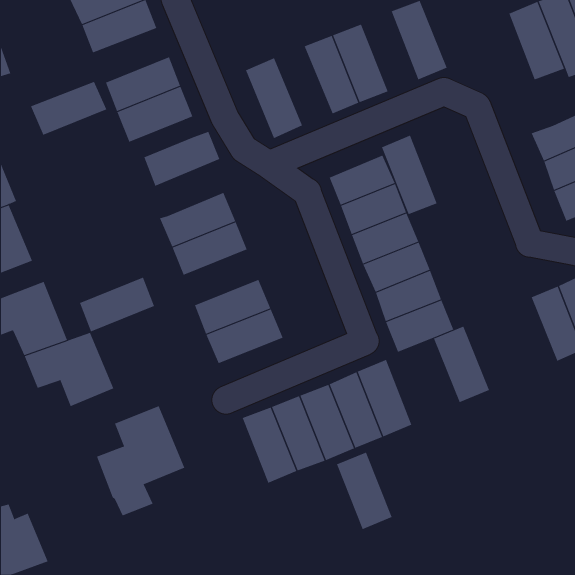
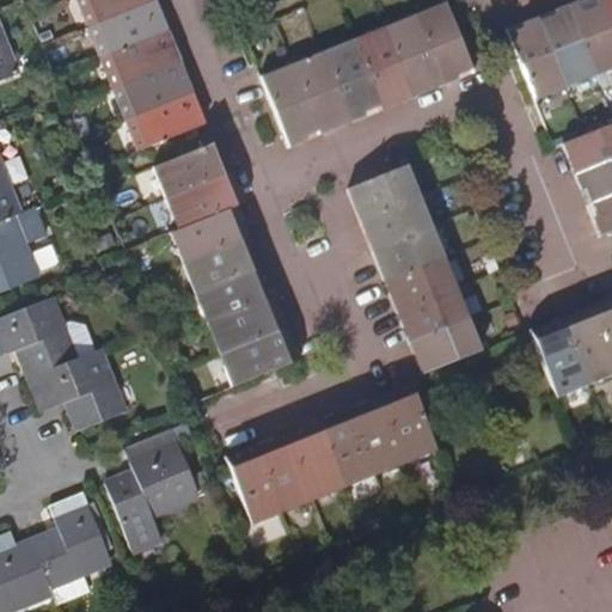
building: none -> [508,14,568,98]
building: none -> [293,49,354,133]
building: [30,81,107,136] -> [100,30,182,87]
building: [381,135,438,215] -> [385,12,445,97]
building: none -> [166,169,249,228]
building: [79,277,155,332] -> [196,264,276,323]
building: [433,326,490,403] -> [532,314,592,396]
building: [336,452,393,530] -> [226,442,286,525]
building: none -> [32,491,114,602]

